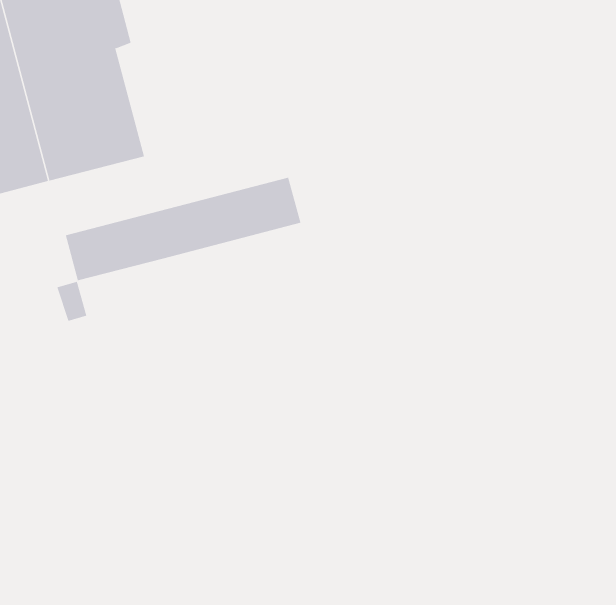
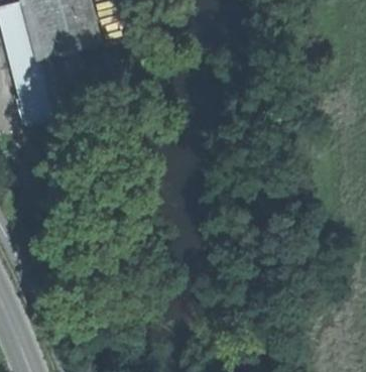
building: [65,177,301,281] -> none

